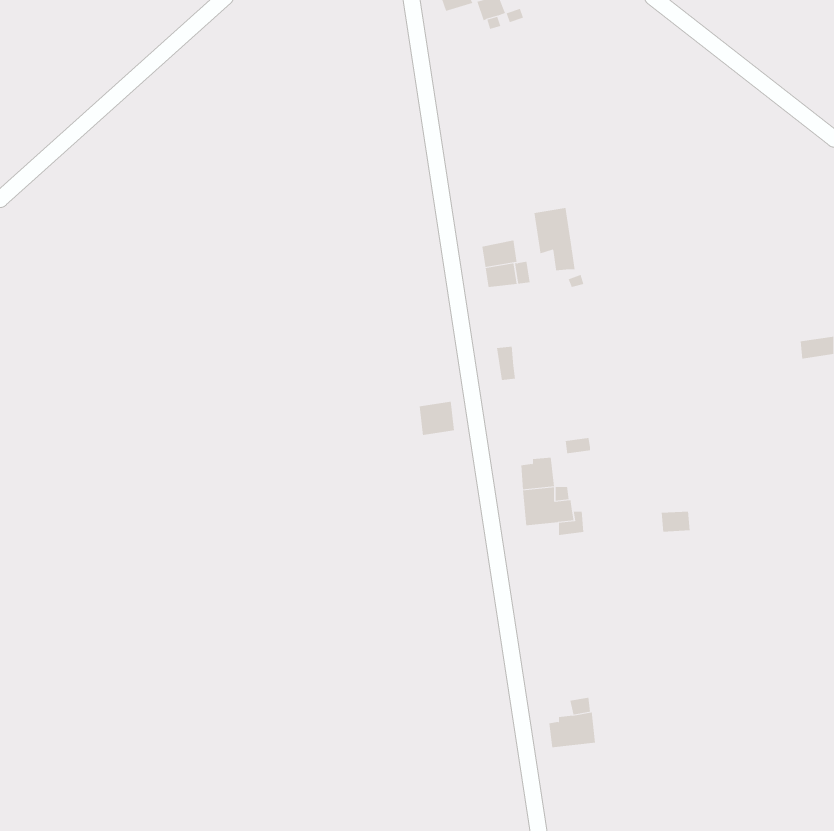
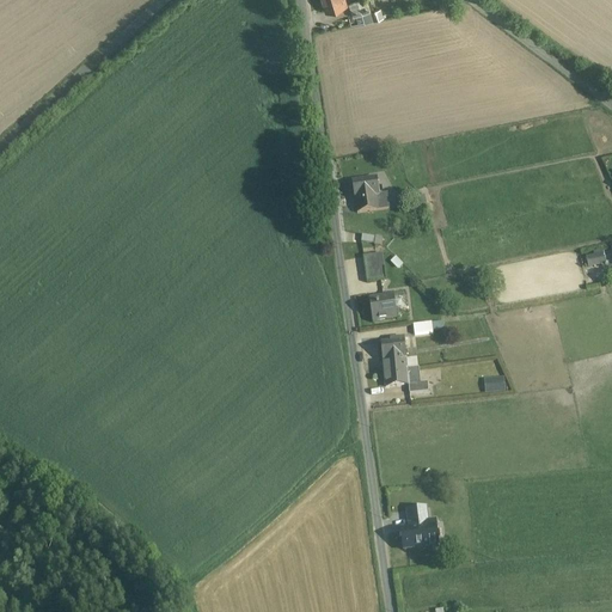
building: [534,207,575,271] -> none
building: [419,401,455,435] -> [369,294,396,319]

